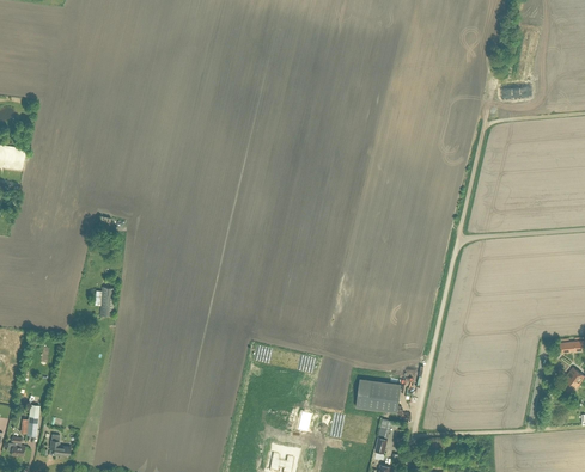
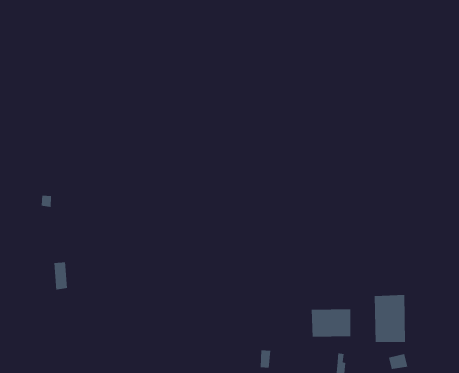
building: none -> [374,294,406,343]

